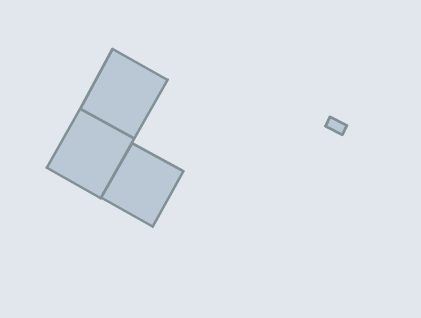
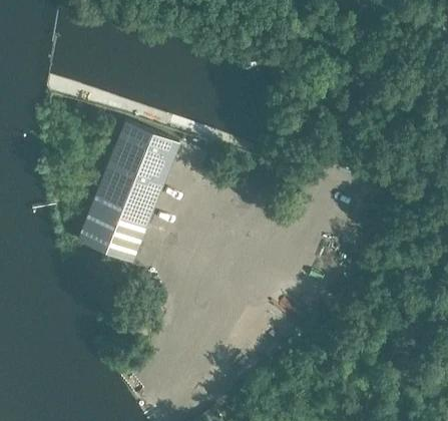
building: [101,143,183,227] -> none

